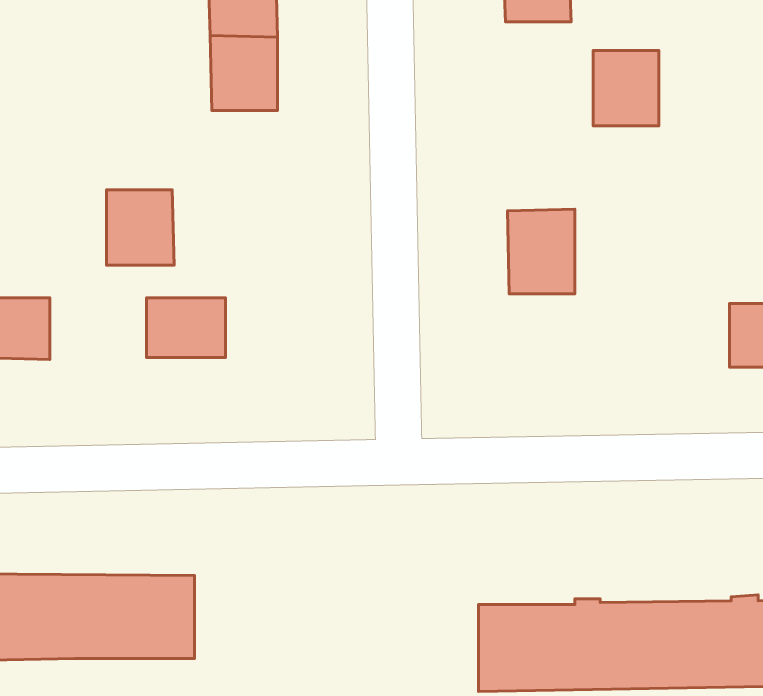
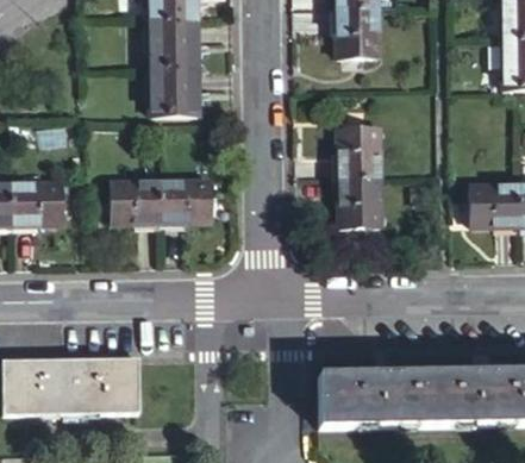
building: [593,51,659,126] -> [335,19,375,65]
building: [107,190,174,265] -> [154,74,195,120]
building: none -> [337,187,377,234]
building: none -> [162,189,210,226]

